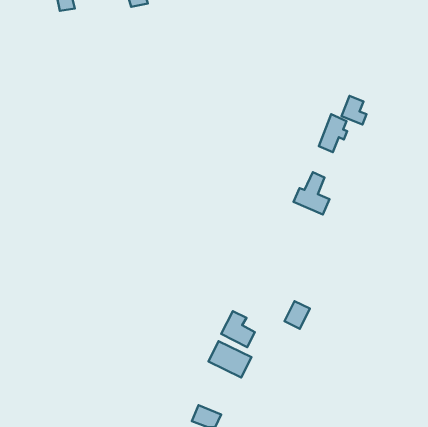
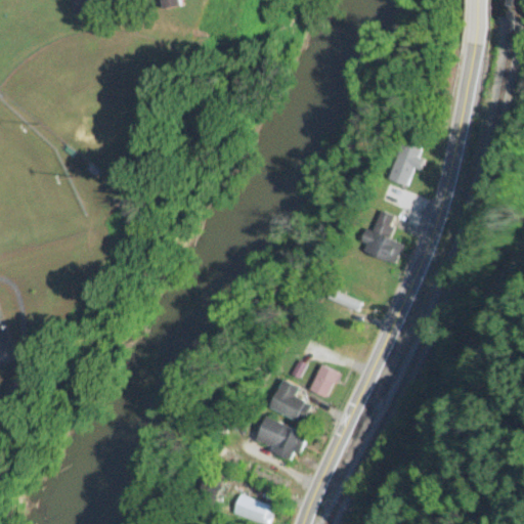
building: [342,96,367,124] -> none
building: [285,301,310,329] -> [308,363,339,397]

